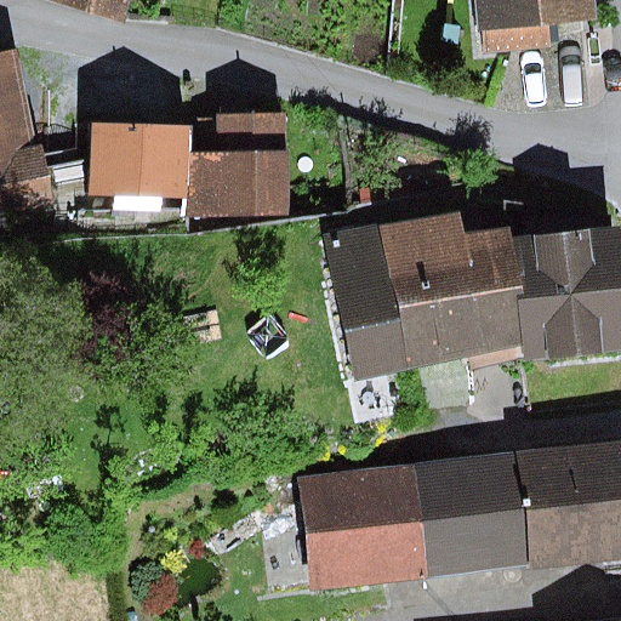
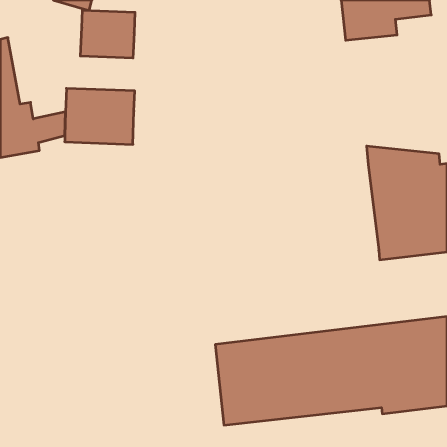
building: none -> [80,10,135,58]
building: [183,109,286,215] -> none
building: [321,212,525,383] -> none

